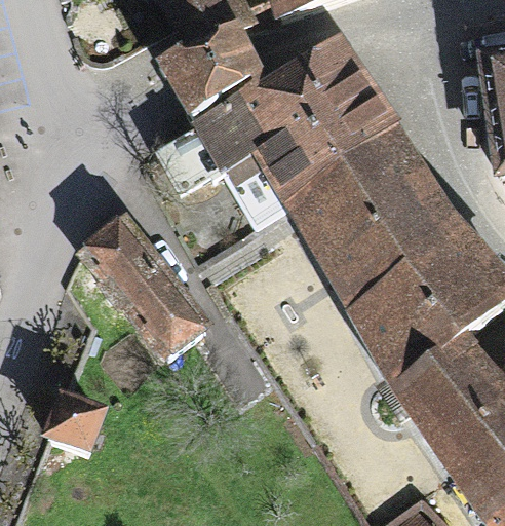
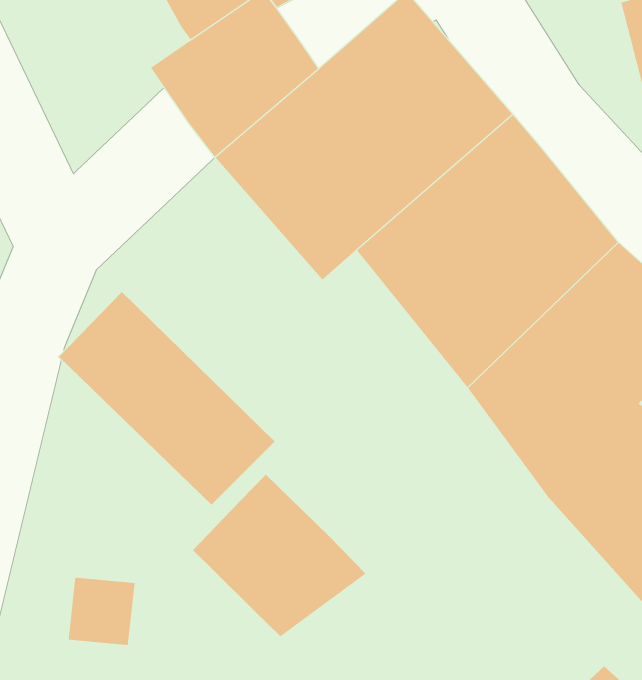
building: none -> [192,474,366,637]

